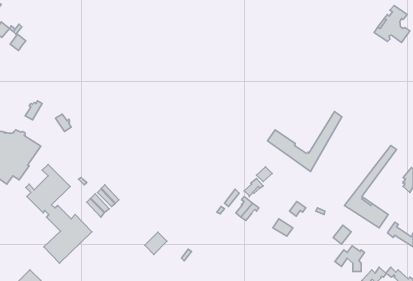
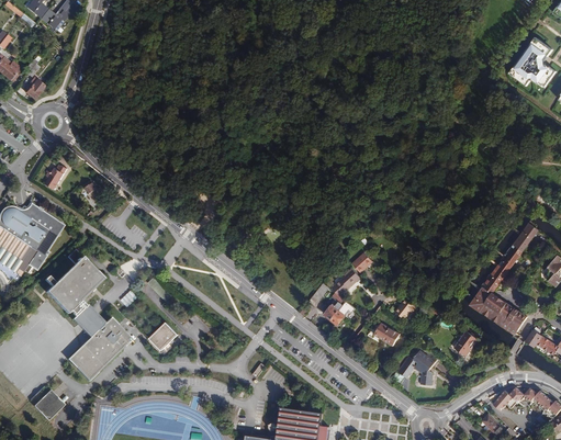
building: [268,112,342,171] -> none
building: [145,232,167,254] -> [149,320,179,350]
building: [335,246,364,271] -> [396,350,436,384]

